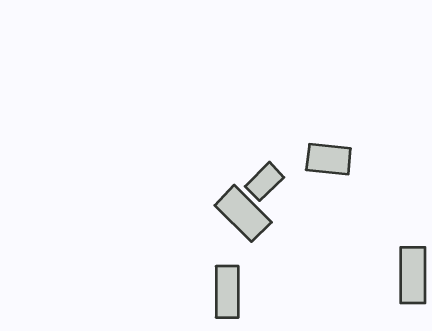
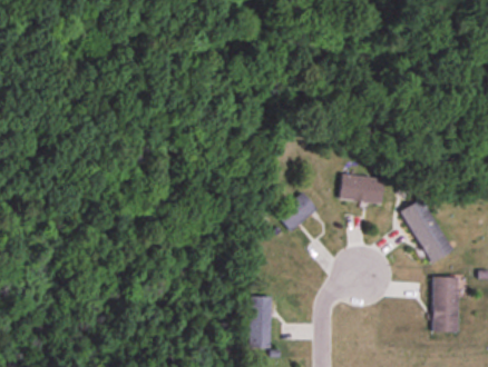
building: none -> [401,198,451,262]
building: [215,185,272,242] -> none

